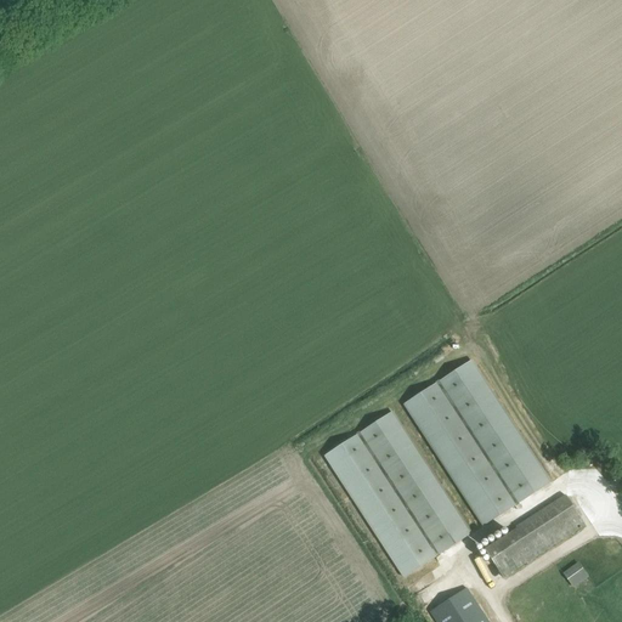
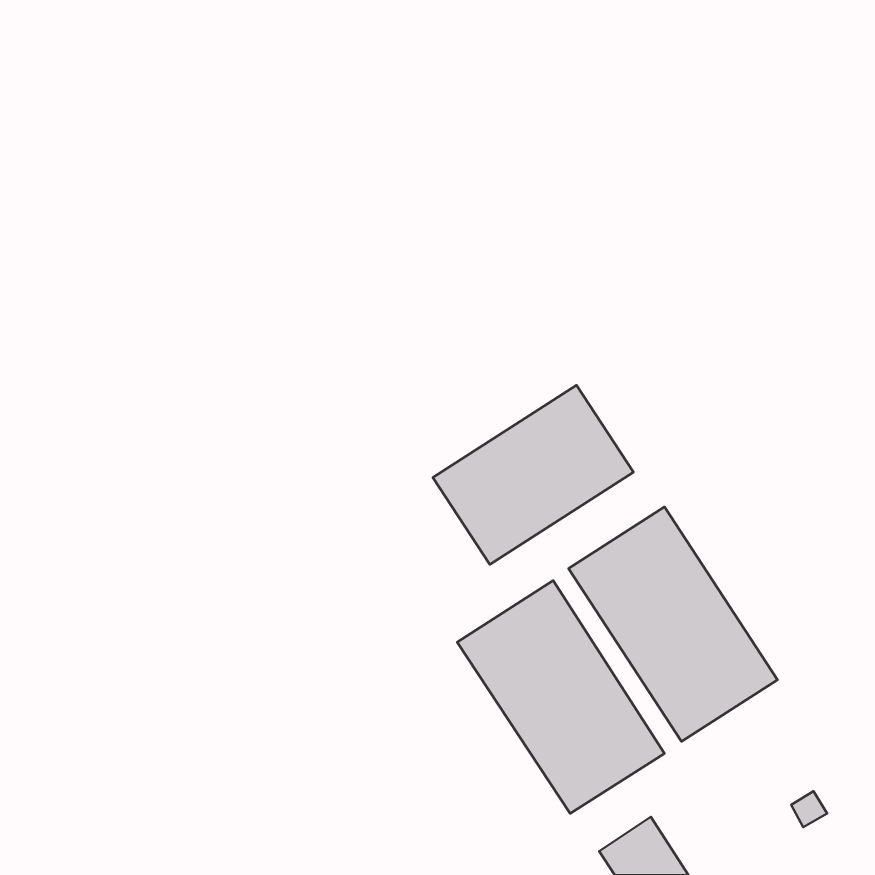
building: none -> [433,385,633,565]
building: [484,494,586,577] -> none

